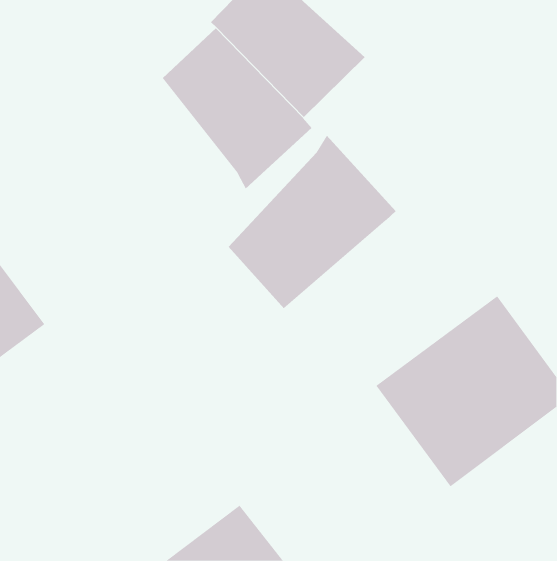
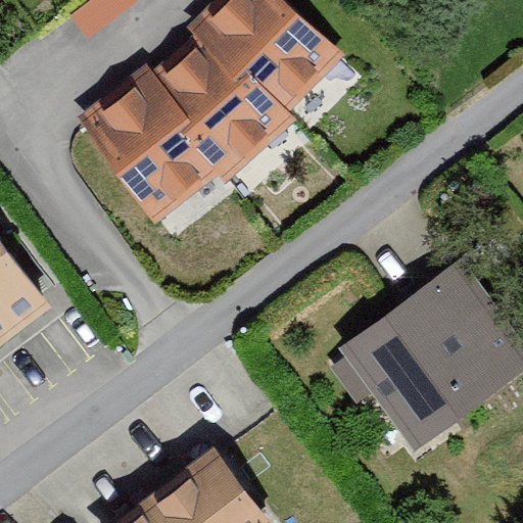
building: none -> [80,73,220,215]
building: [228,135,396,309] -> none

